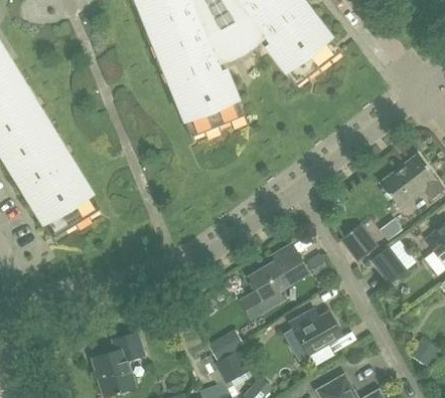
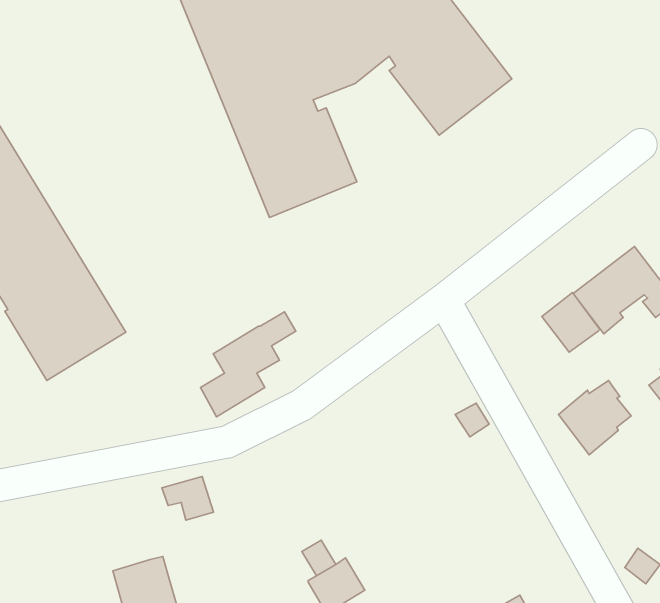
building: [340,223,377,260] -> [542,292,600,352]
building: [241,251,300,317] -> [200,312,296,417]
building: [283,309,341,359] -> none
building: [111,332,143,359] -> [162,477,213,520]

